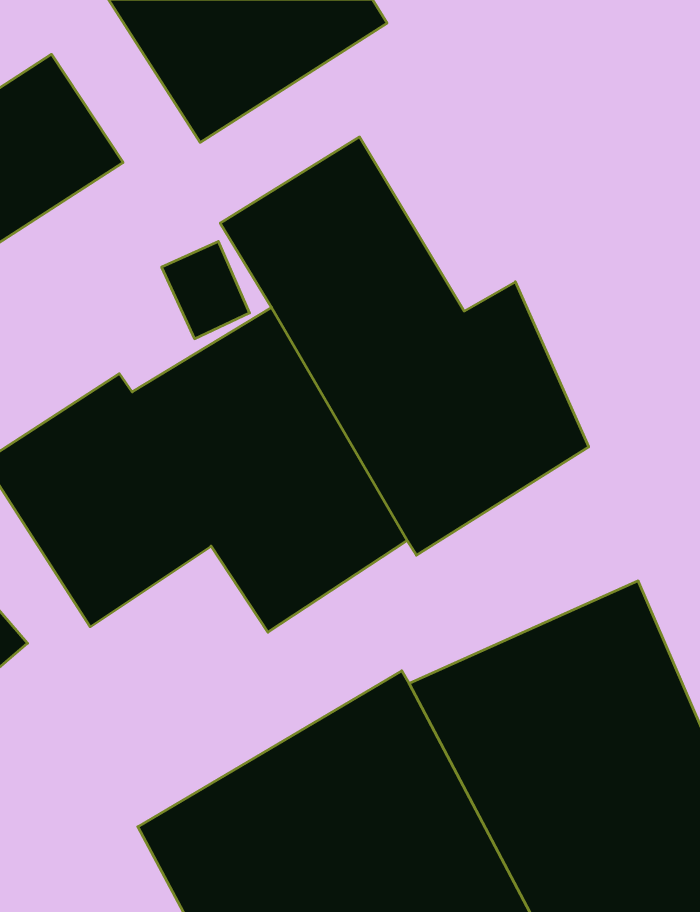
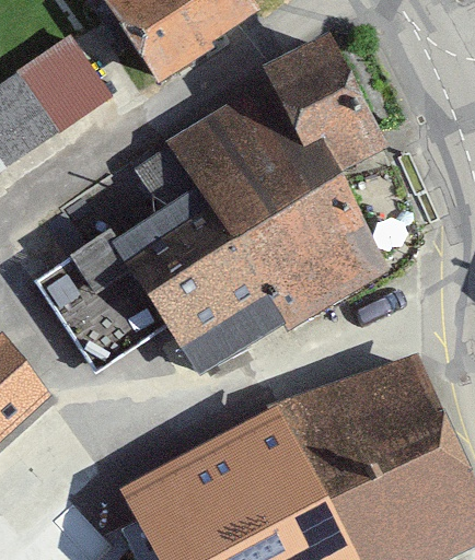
building: none -> [252,35,395,187]

